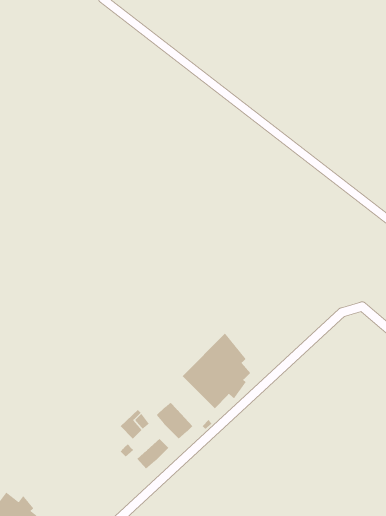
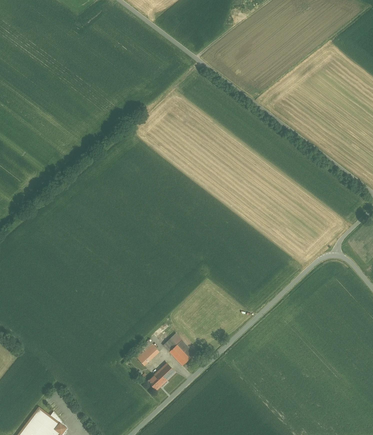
building: [182,332,251,409] -> none

